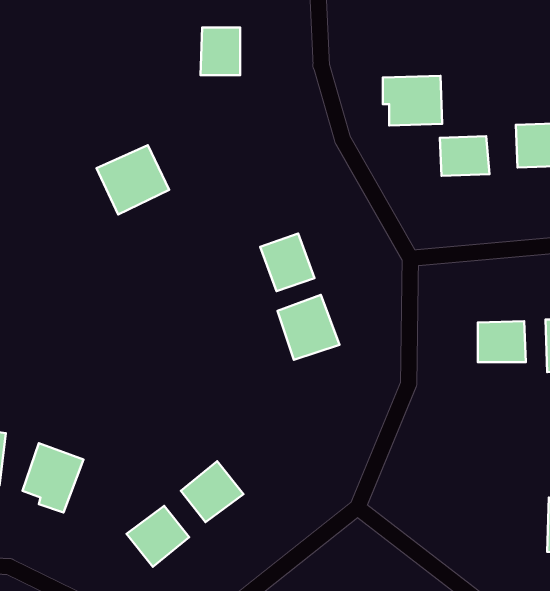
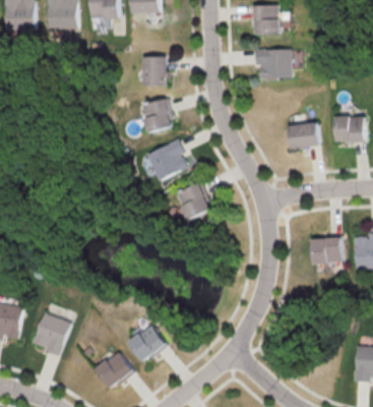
building: [383,76,442,125] -> [255,48,292,78]
building: none -> [142,100,172,131]
building: [97,145,169,214] -> [145,138,190,181]
building: [278,295,340,360] -> none

